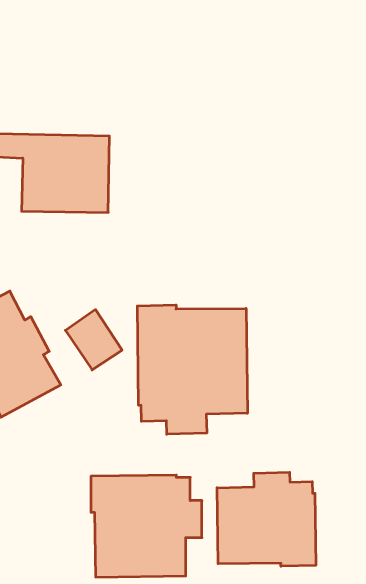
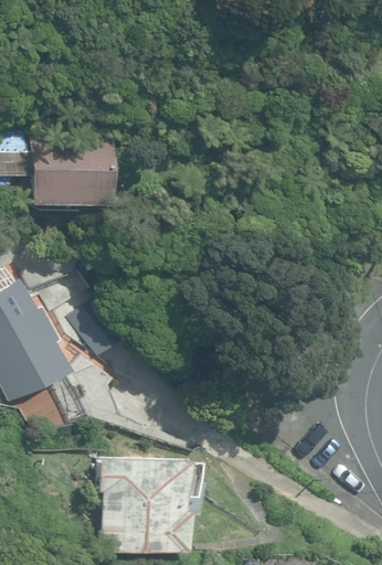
building: [137,305,247,434] -> none
building: [217,472,316,566] -> none

